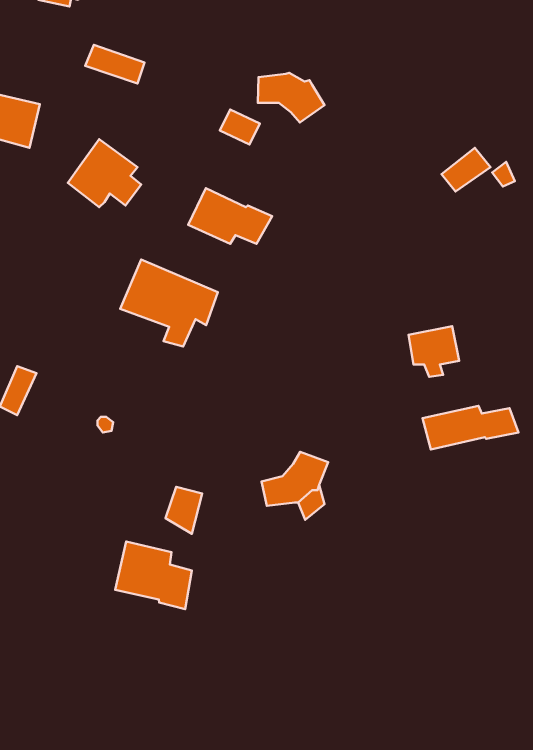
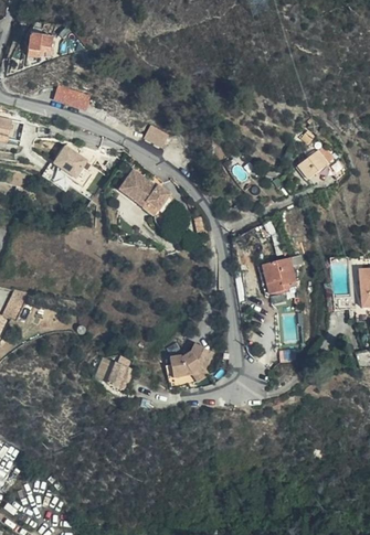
building: [258,73,325,123] -> none
building: [120,259,218,346] -> none
building: [422,406,519,450] -> none
building: [115,541,192,609] -> none

